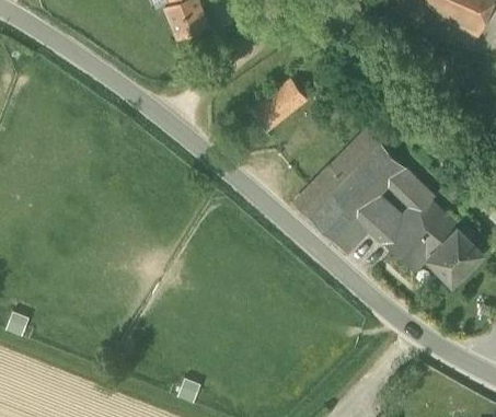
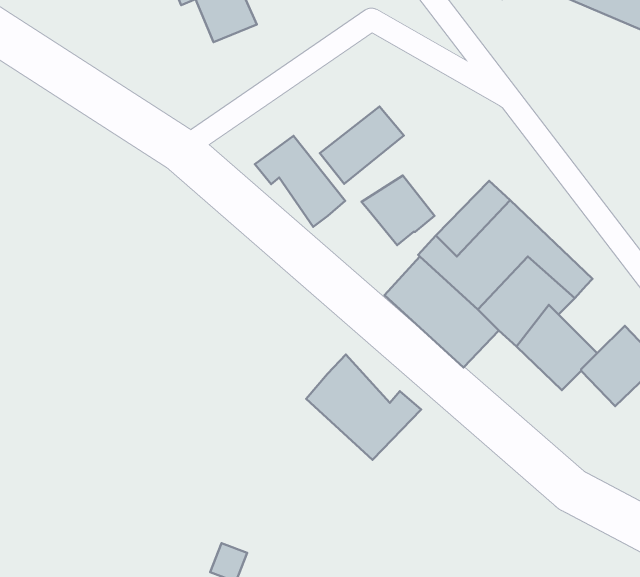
building: none -> [255,136,345,227]
building: none -> [362,176,435,245]
building: [414,201,459,247] -> none
building: none -> [306,355,421,460]

